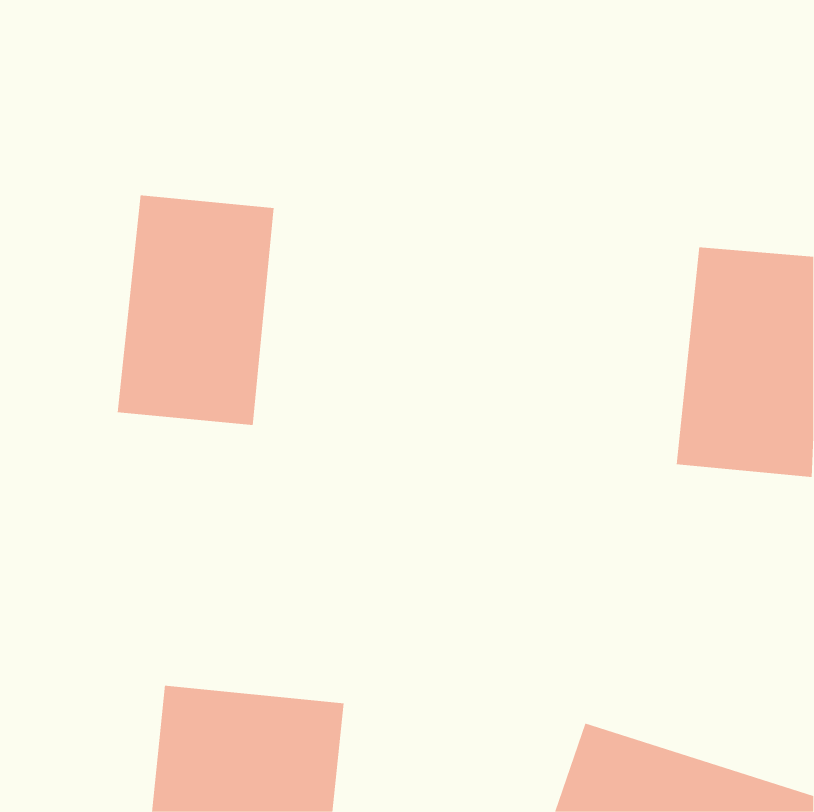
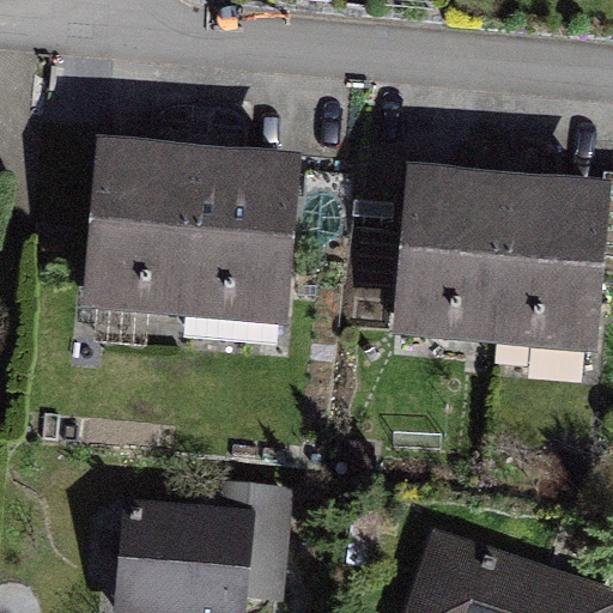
building: none -> [187,153,302,324]
building: none -> [399,171,515,342]

